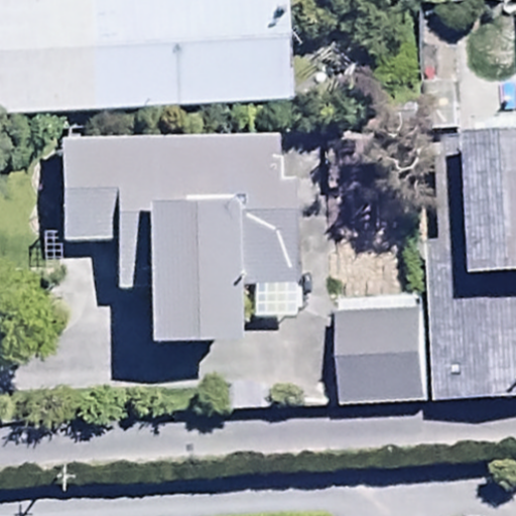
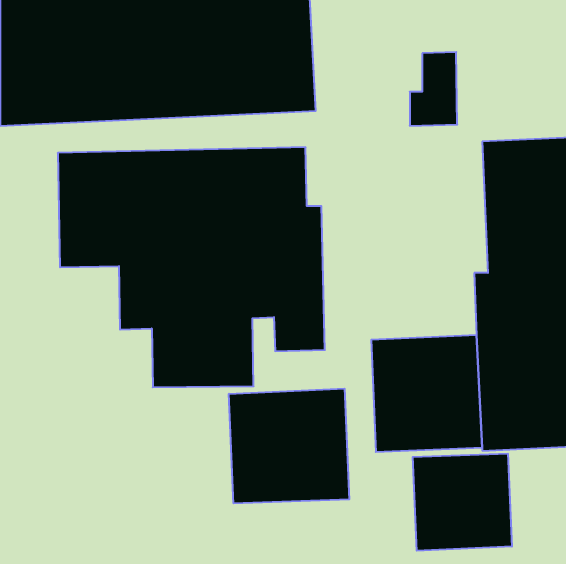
building: none -> [229,389,349,503]
building: none -> [413,454,512,551]

